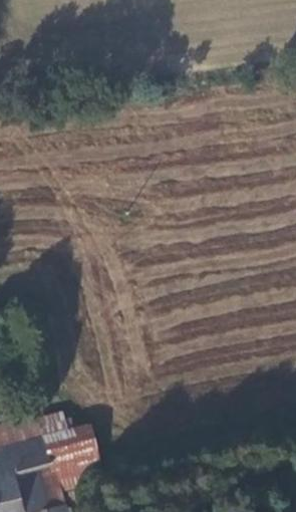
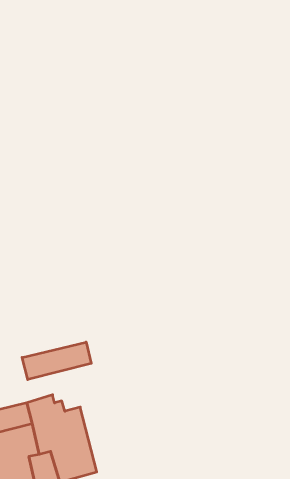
building: none -> [22,342,91,380]

